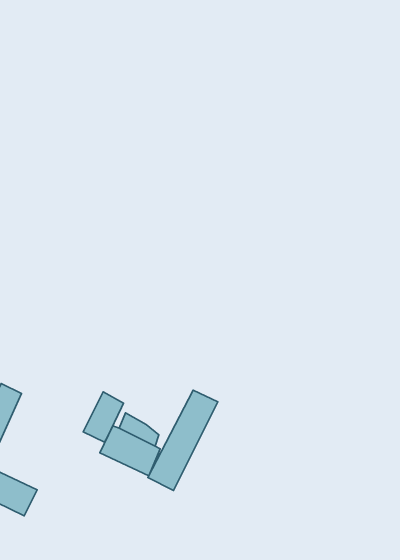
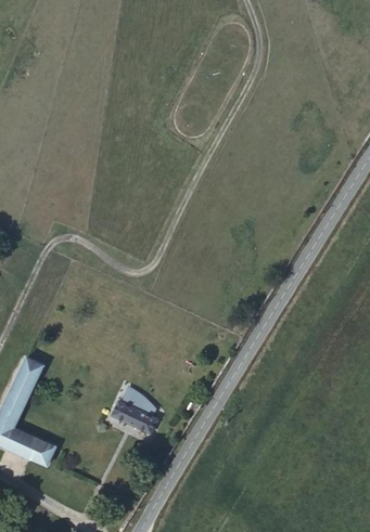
building: [148,390,218,490] -> none
building: [83,392,123,442] -> none

